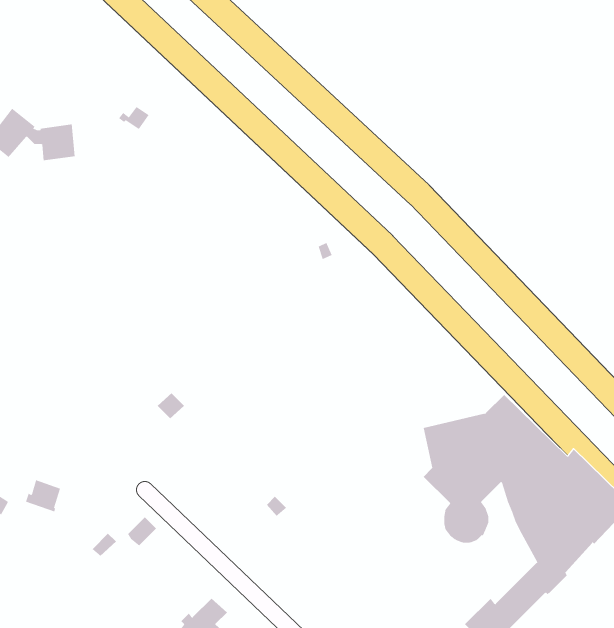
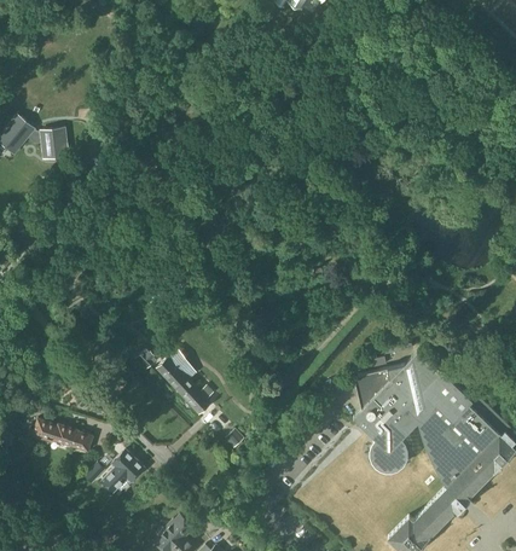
building: none -> [157,349,214,416]
building: none -> [53,424,94,453]
building: none -> [102,459,146,494]

